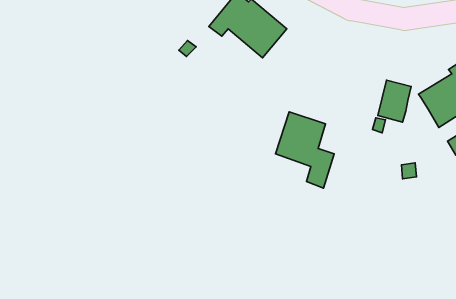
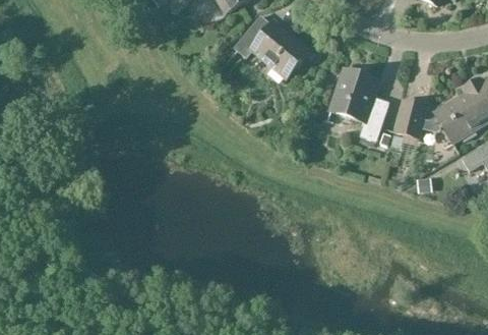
building: [275,112,334,188] -> [330,69,386,142]

